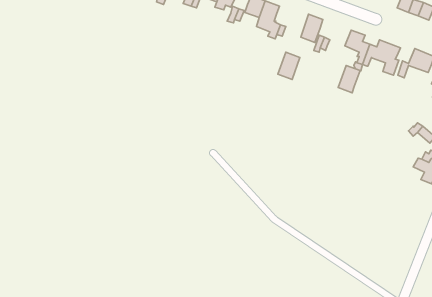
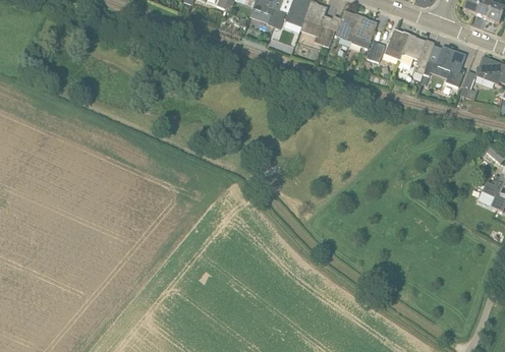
building: [278,52,300,80] -> [335,10,360,42]
building: [338,65,360,93] -> [384,28,409,60]

